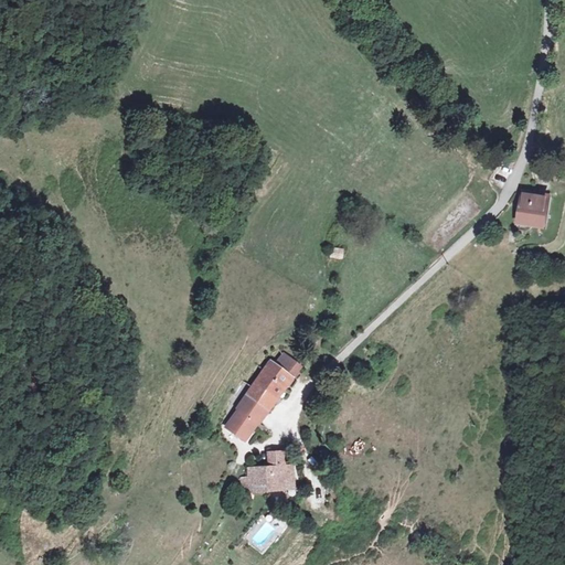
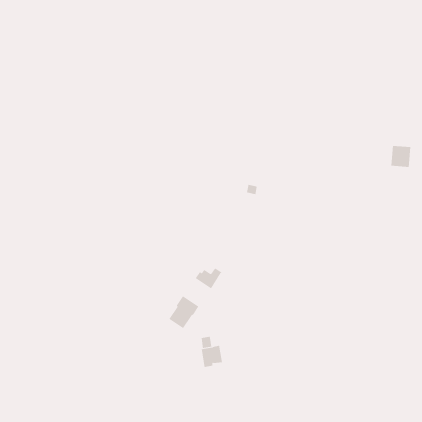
building: [237,372,282,409] -> none
building: [242,466,273,495] -> none

